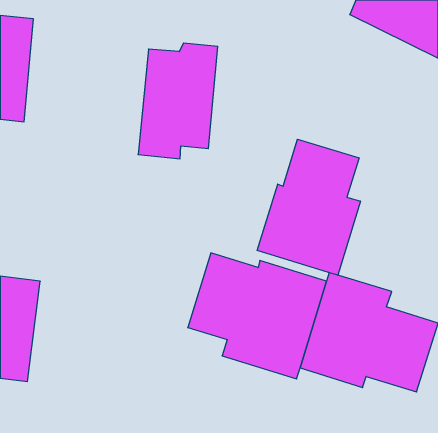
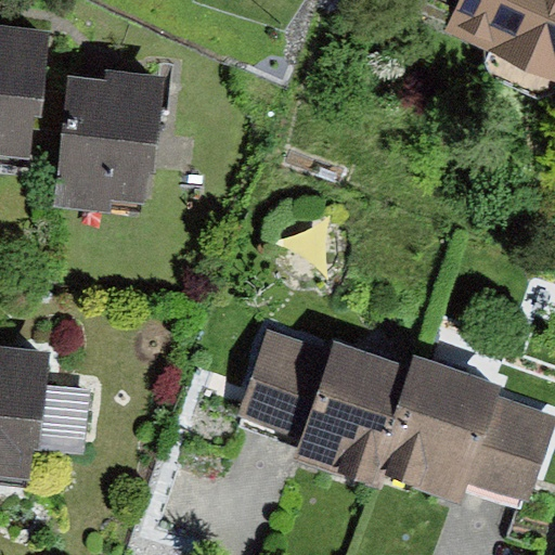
building: [138,43,218,159] -> [52,74,153,220]
building: [257,139,360,275] -> none

